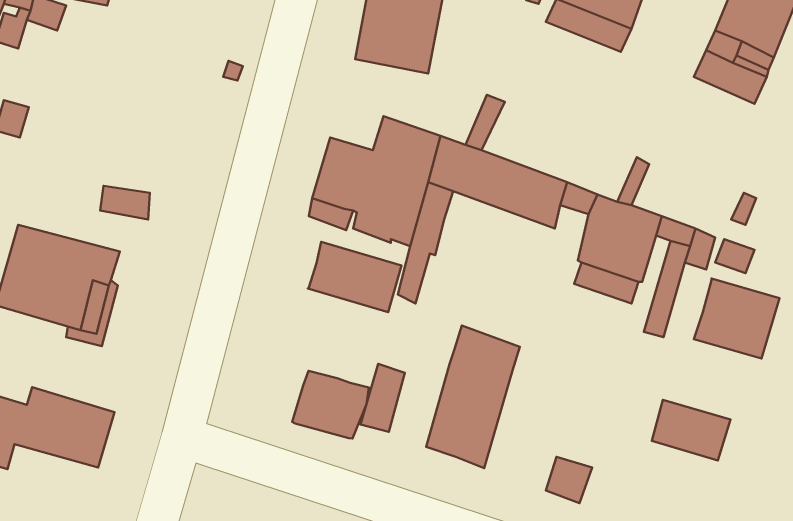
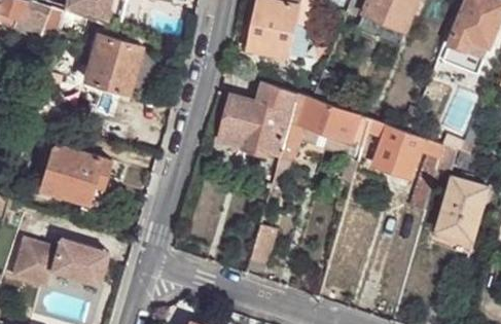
building: none -> [83,35,139,94]
building: [308,242,401,312] -> none
building: [426,325,520,468] -> none
building: [292,371,369,439] -> none
building: [652,400,730,460] -> [436,211,481,246]

